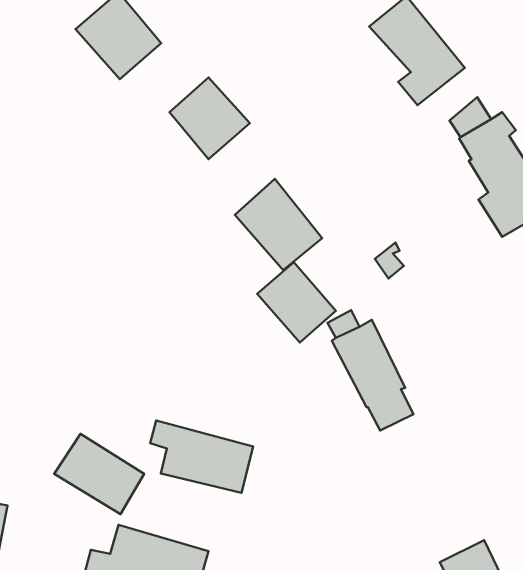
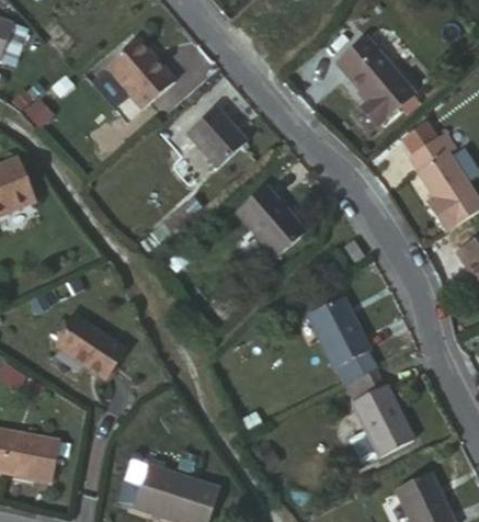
building: [257,262,336,343] -> none
building: none -> [347,373,414,465]
building: [150,421,253,493] -> none
building: [54,434,144,514] -> [56,314,127,377]

